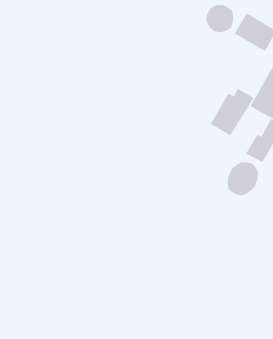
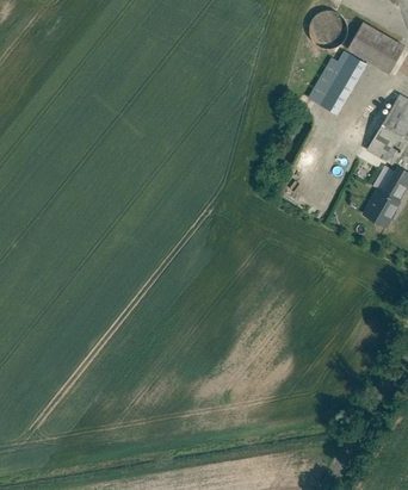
building: [210,88,254,136] -> [307,50,367,116]
building: [227,161,258,196] -> none

